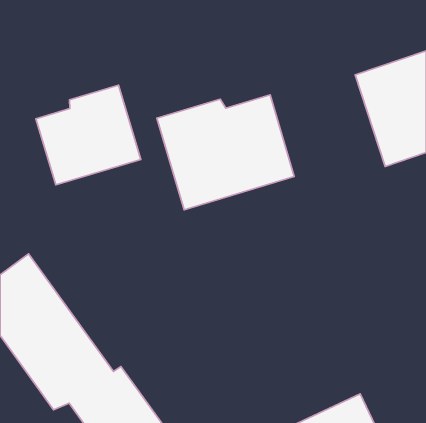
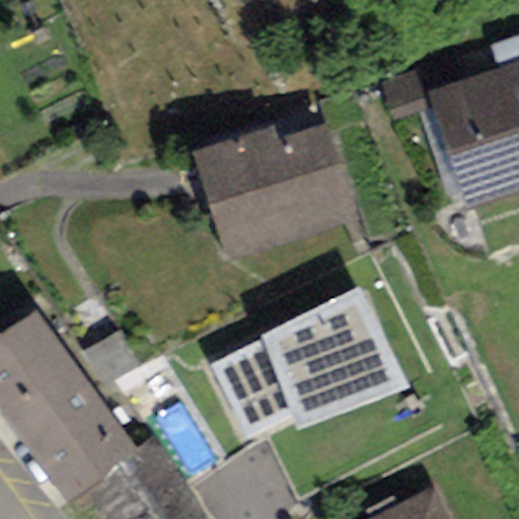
building: [36,85,141,185] -> none
building: none -> [209,287,410,436]

